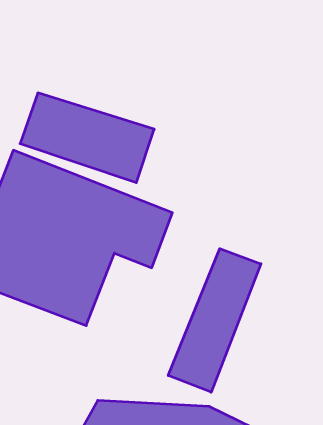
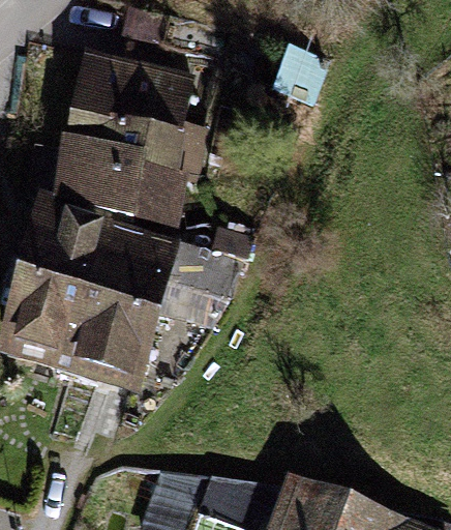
building: none -> [64,49,208,167]
building: [168,249,261,392] -> none

